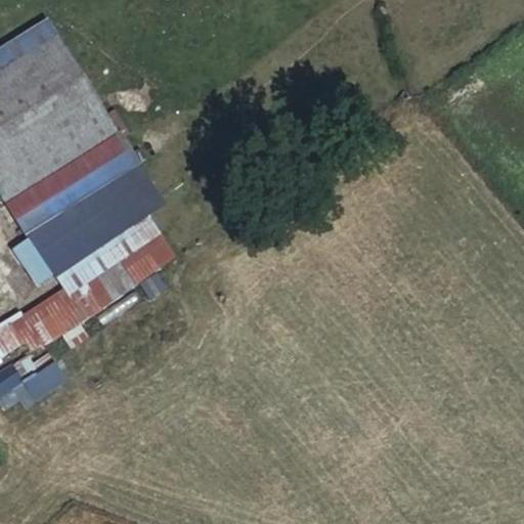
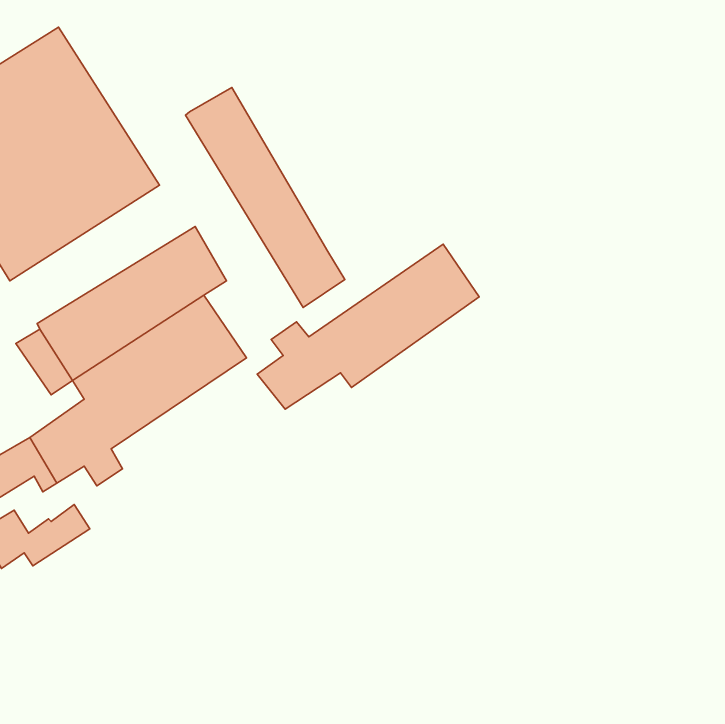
building: none -> [185,88,345,307]
building: [7,129,140,232] -> none
building: none -> [257,244,479,409]

